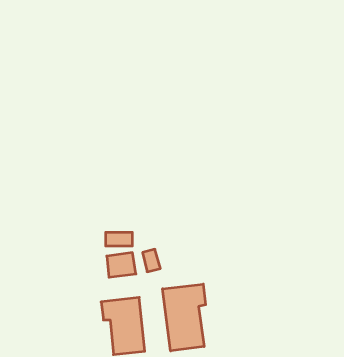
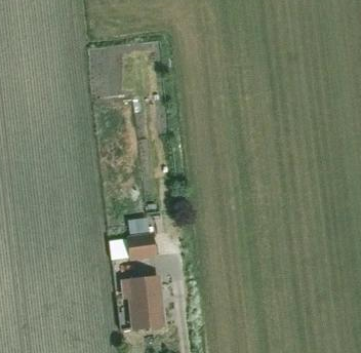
building: [163,284,206,351] -> none

